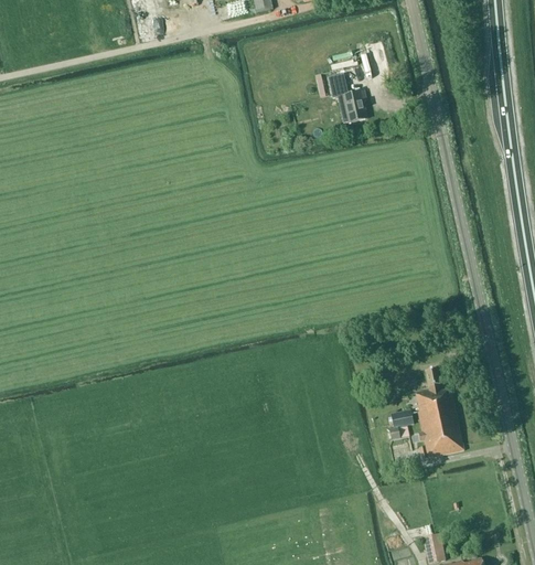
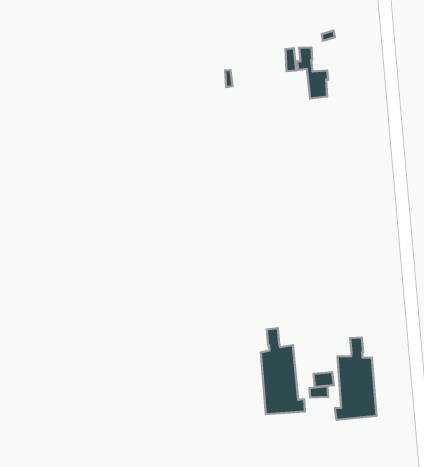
building: none -> [261,328,305,414]

